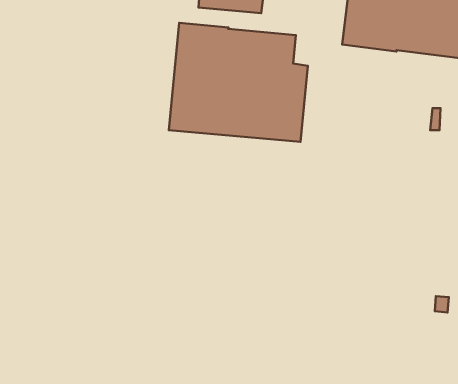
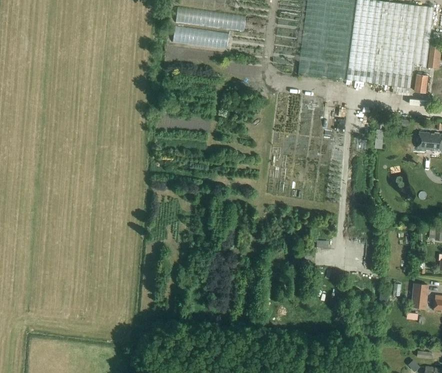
building: [169,23,308,142] -> none

